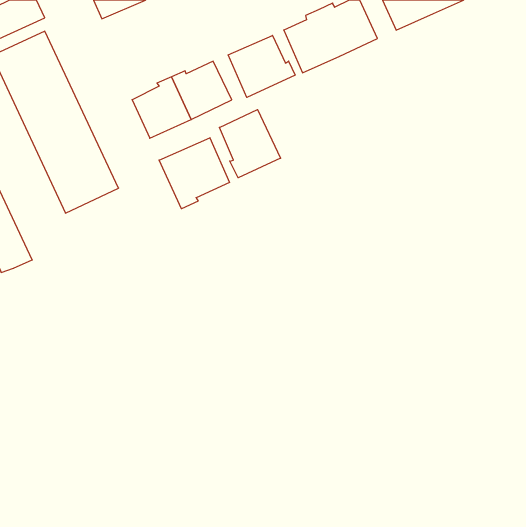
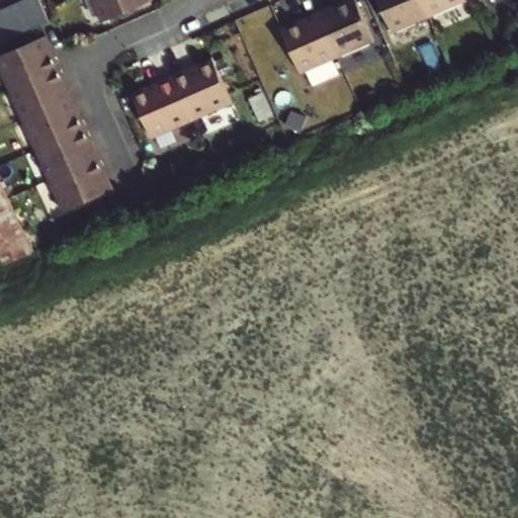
building: [228,35,295,97] -> none
building: [219,110,281,178] -> none
building: [159,138,229,209] -> none

